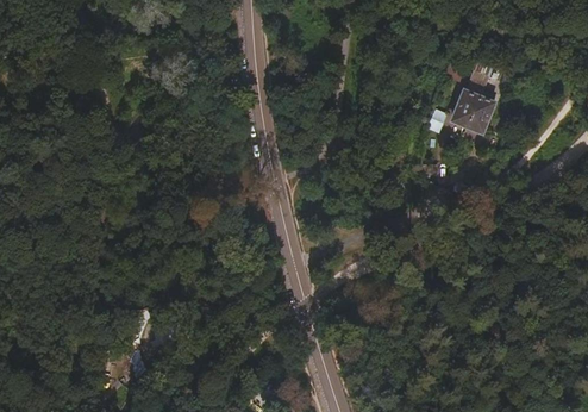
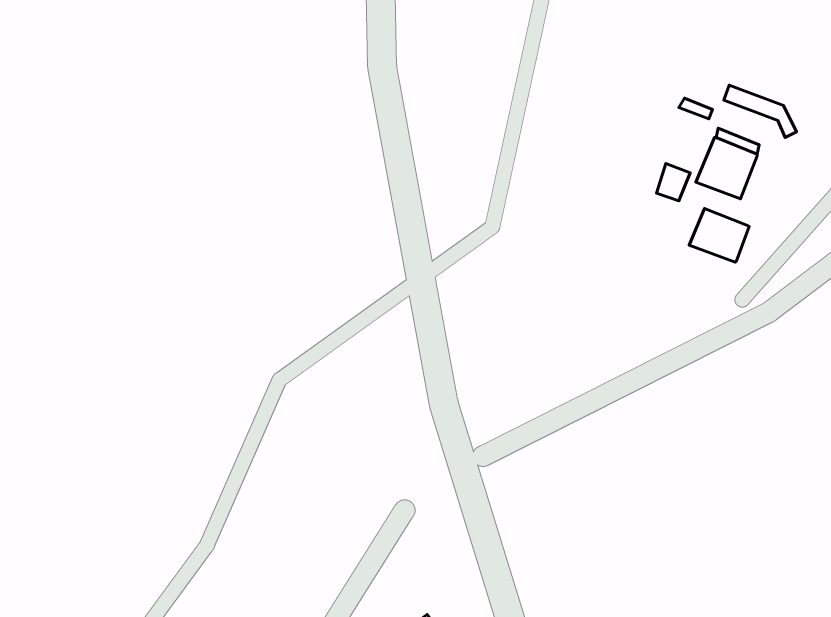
building: none -> [689,208,749,262]

